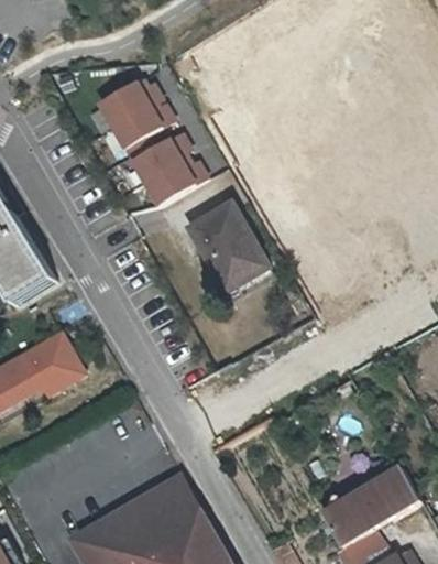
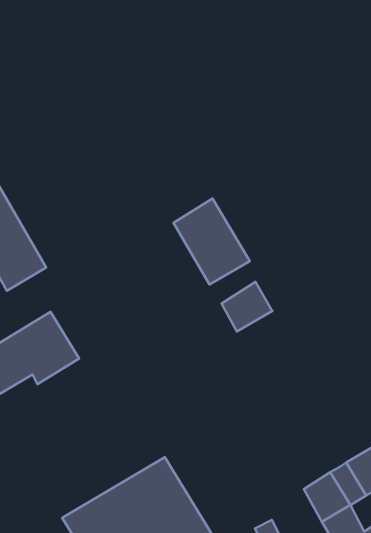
building: [95,83,163,152] -> none
building: [129,140,197,209] -> none
building: none -> [222,282,273,332]

